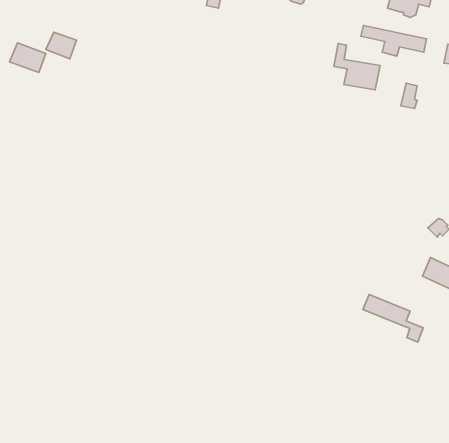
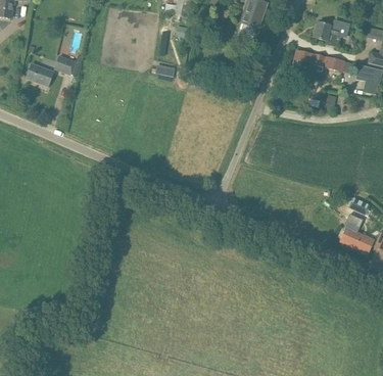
building: [334,44,380,90] -> none
building: [363,295,423,342] -> none

